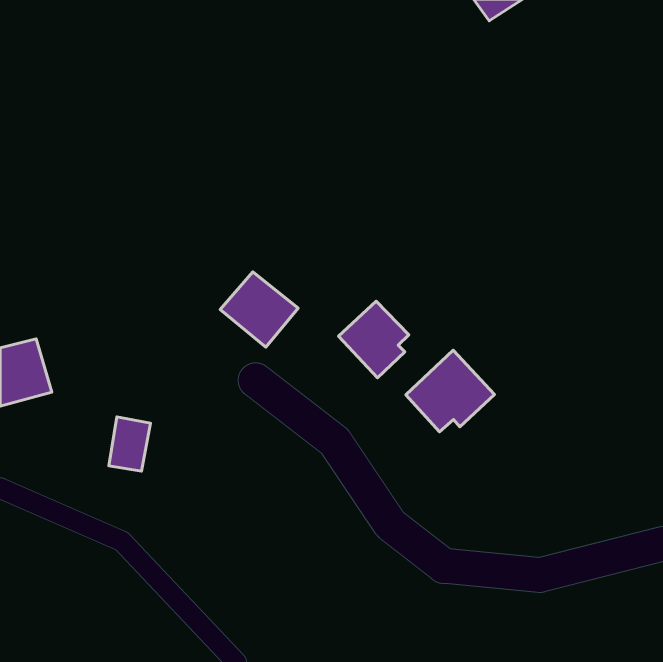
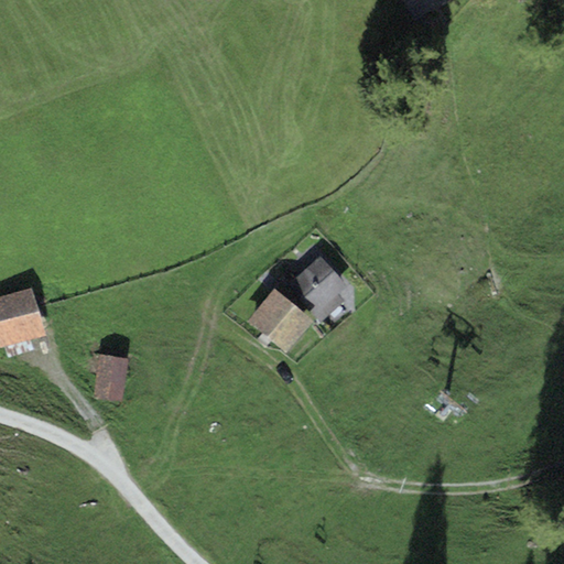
building: [220,272,298,347] -> [247,289,313,352]
building: [406,350,495,432] -> none

